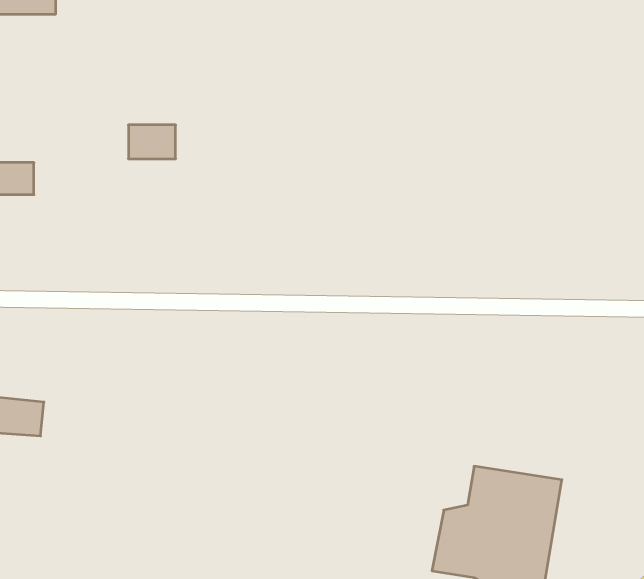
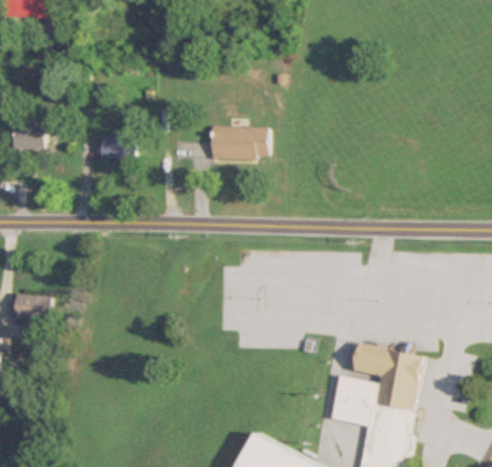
building: [128,125,176,159] -> [101,133,135,158]
building: none -> [212,126,267,160]

